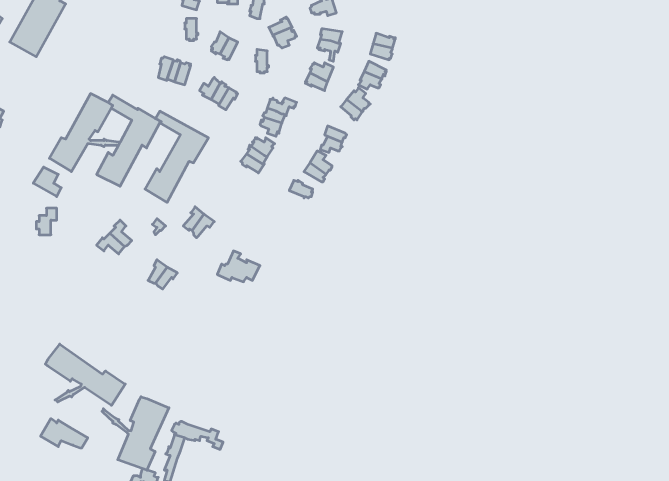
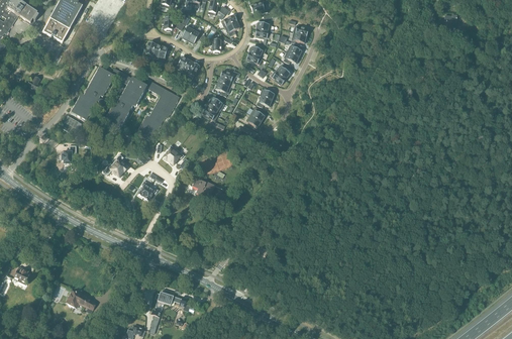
building: [45,344,125,405] -> none
building: [102,397,169,470] -> none

